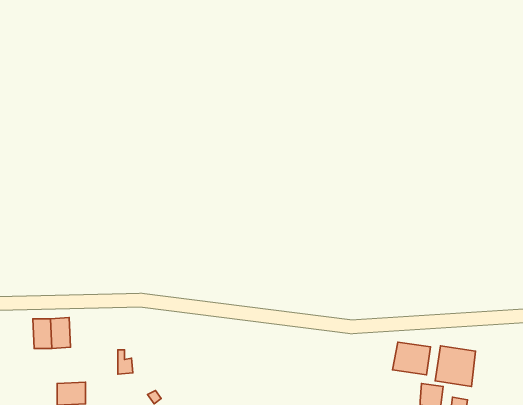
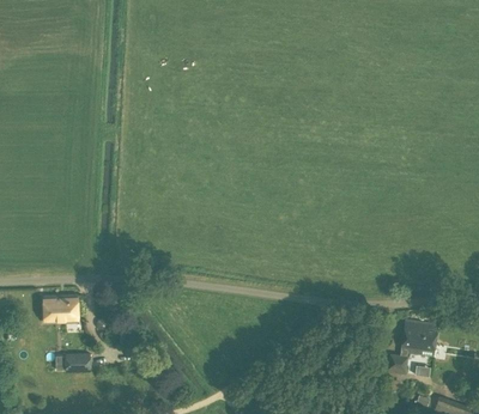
building: [393,342,430,375] -> none

